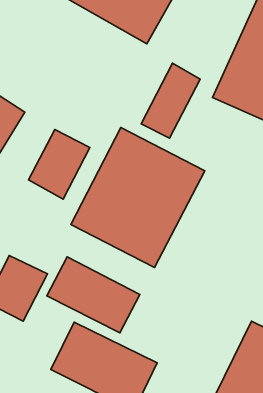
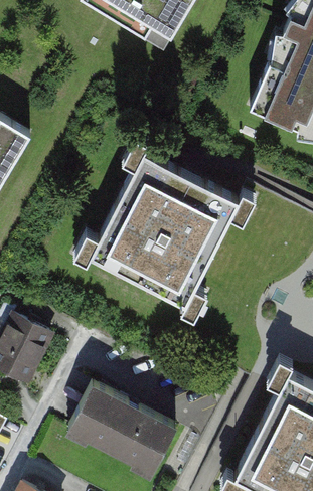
building: [141,63,200,138] -> none
building: [28,130,90,199] -> none
building: [47,257,140,333] -> none

